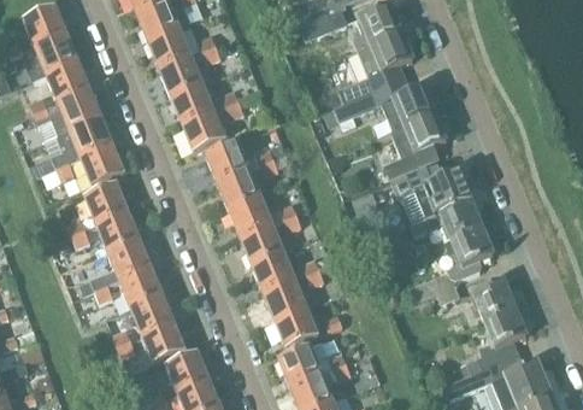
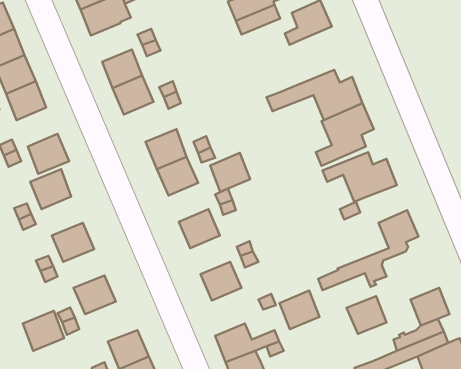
building: [147,27,190,68] -> none
building: [337,30,412,101] -> none
building: [182,110,225,151] -> none
building: [69,116,112,157] -> none
building: [229,195,271,236] -> [210,153,250,192]
building: [438,198,481,238] -> none
building: [95,210,139,251] -> none
building: [252,251,294,292] -> none
building: [118,265,161,306] -> none
building: [472,279,514,318] -> [346,296,386,334]
building: [275,306,317,347] -> [280,290,320,329]
building: [141,321,184,363] -> [23,311,64,351]

